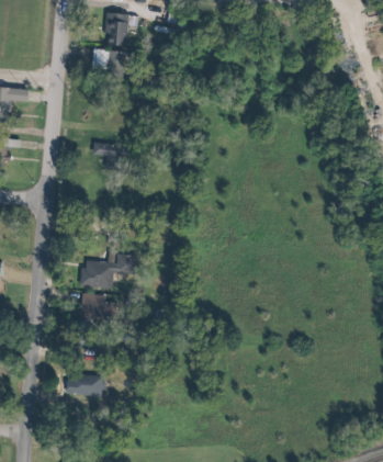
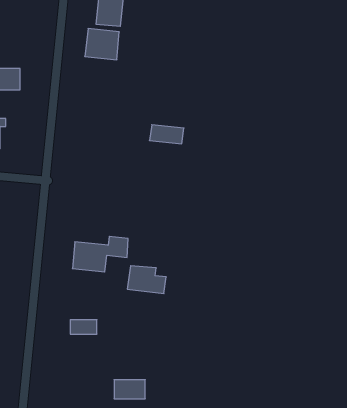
building: [92,143,126,161] -> [149,125,184,144]
building: [77,293,115,320] -> [127,266,166,294]
building: [74,376,104,395] -> [114,380,145,399]

